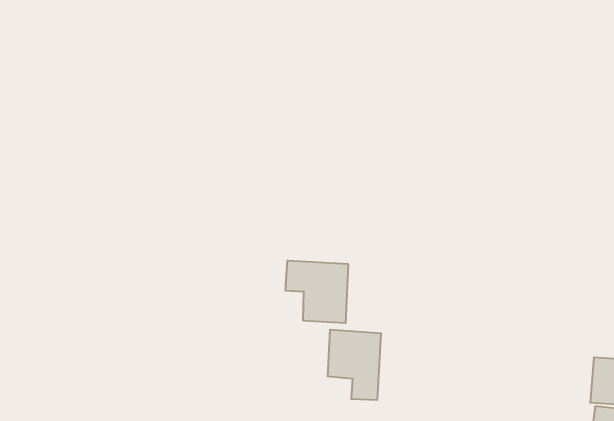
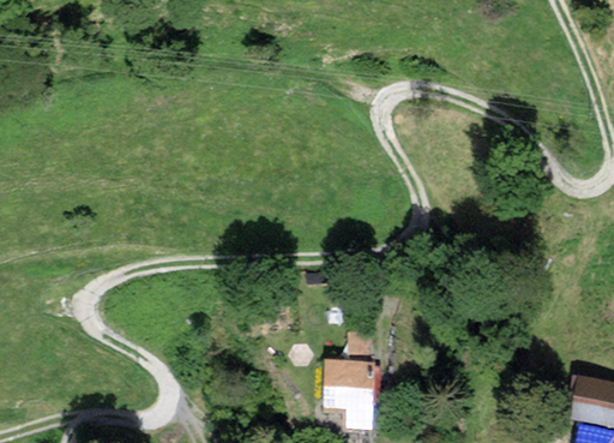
building: [286,260,348,323] -> none

